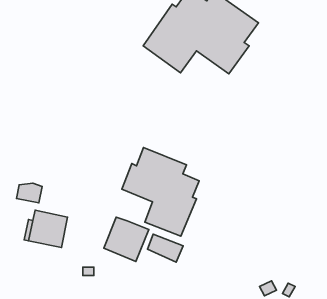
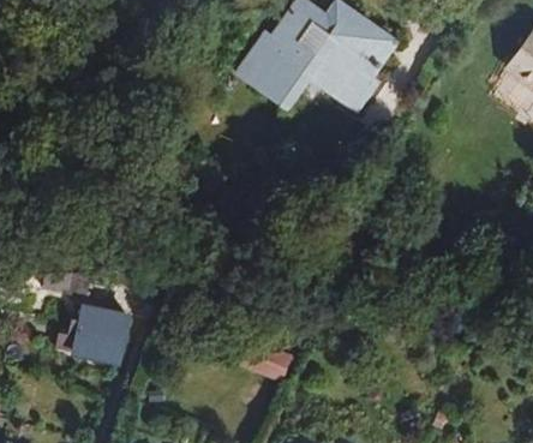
building: [122,148,199,236] -> none
building: [104,217,149,261] -> none

